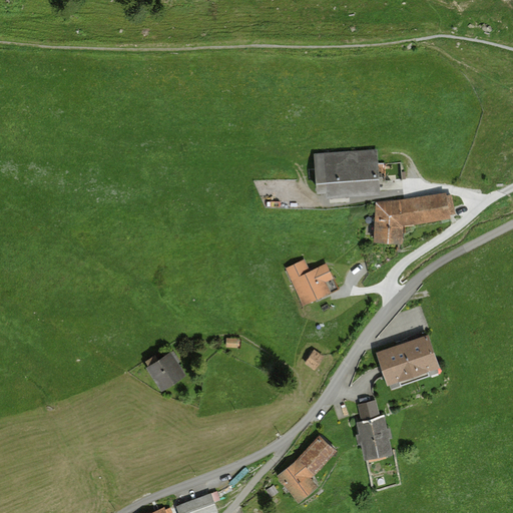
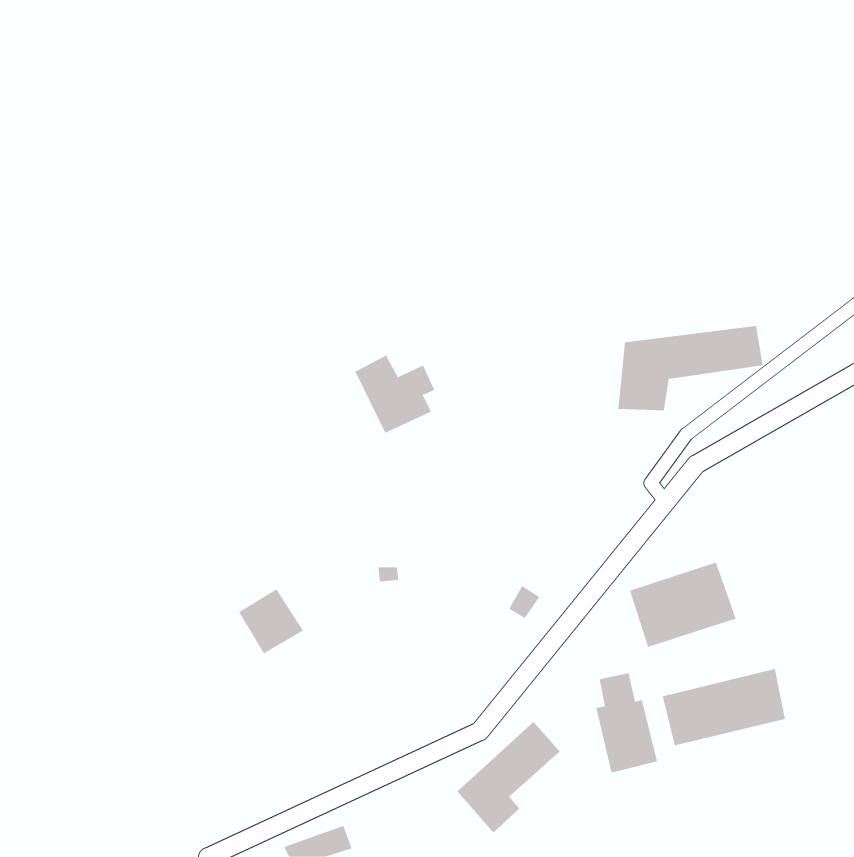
building: [312,153,379,200] -> none
building: [285,259,333,306] -> [355,355,435,434]
building: none -> [662,668,785,746]

